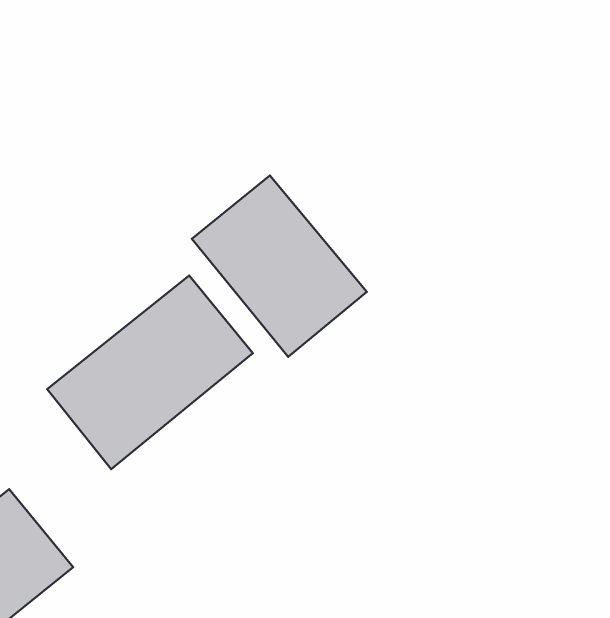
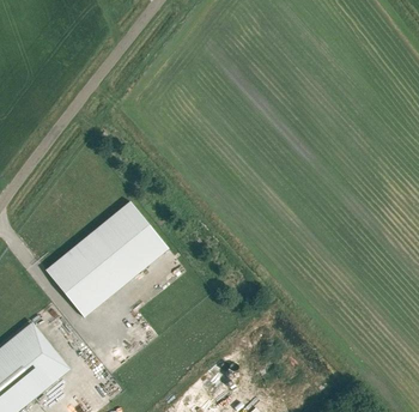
building: [192,176,367,357] -> none

